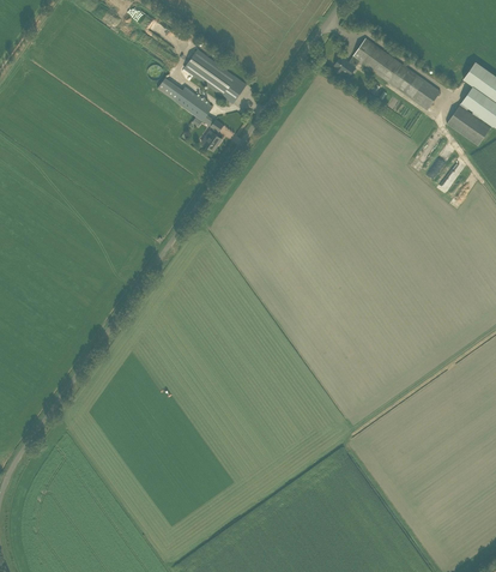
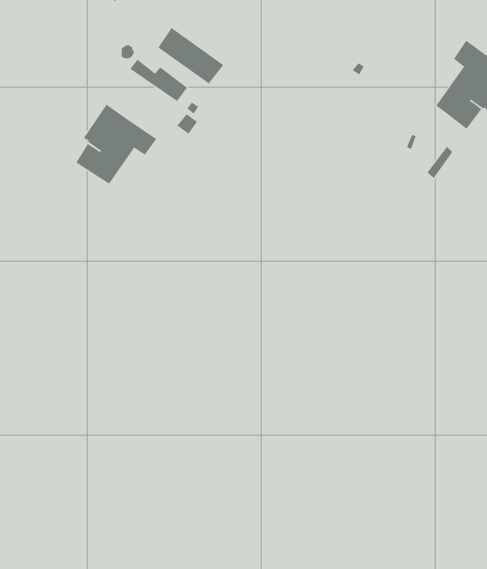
building: [333,37,438,108] -> none
building: none -> [75,104,157,185]

